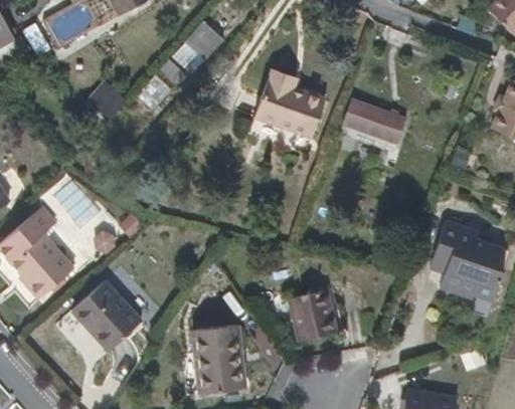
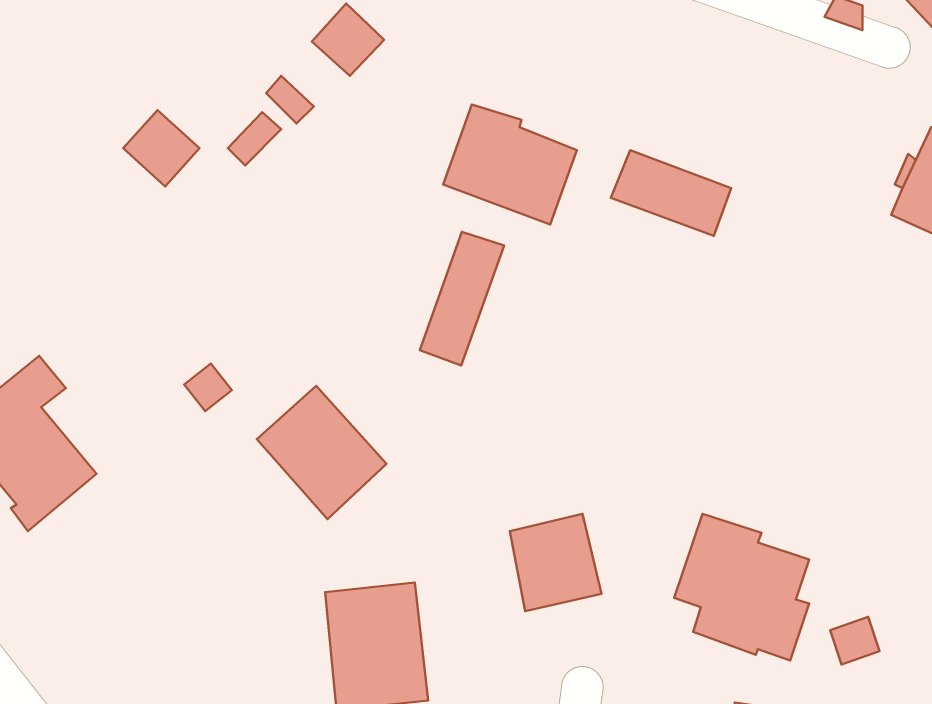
building: none -> [420,232,504,366]
building: [432,223,503,300] -> [674,514,809,661]
building: [72,281,141,352] -> [257,386,387,519]

